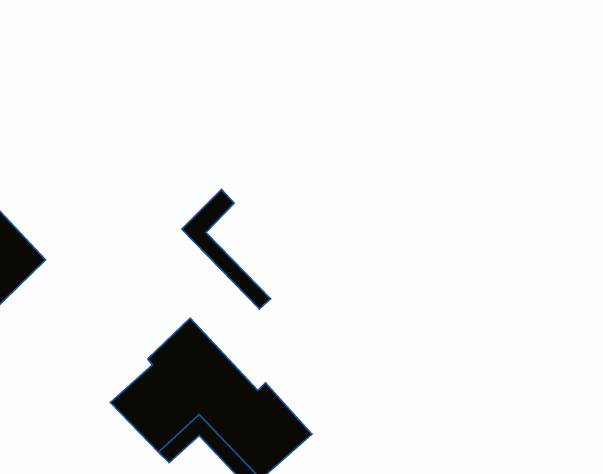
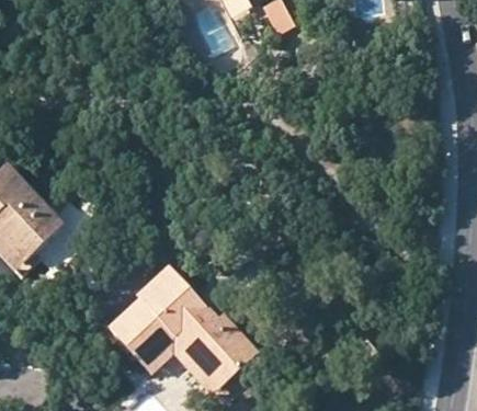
building: [182,189,271,309] -> none

